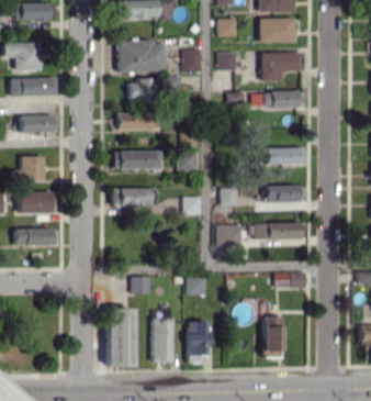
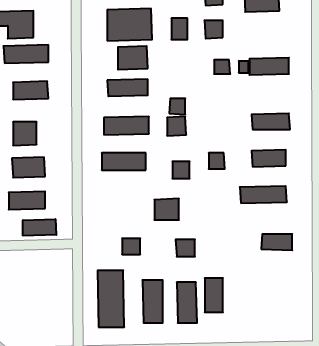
building: [261,52,303,81] -> none
building: [216,224,241,246] -> [154,199,179,220]
building: none -> [23,219,56,236]
building: [266,315,284,350] -> [205,278,223,312]

